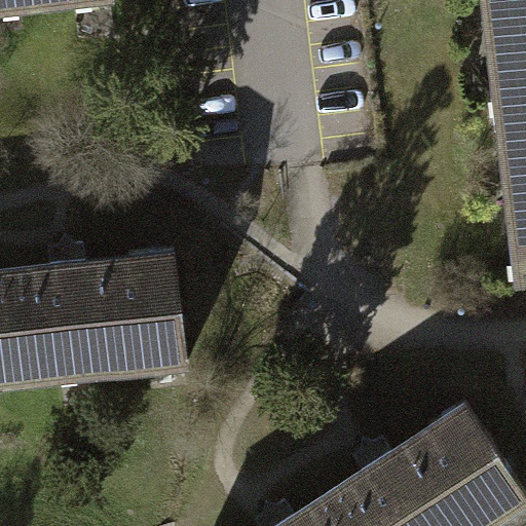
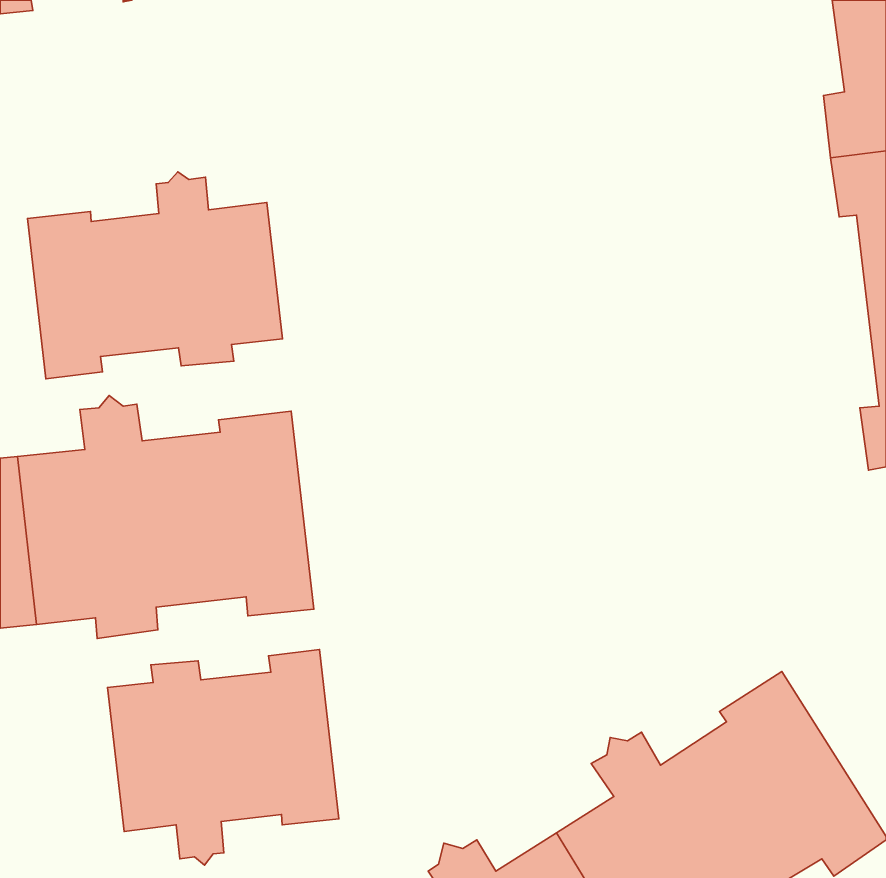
building: none -> [28,172,282,379]
building: none -> [108,650,339,865]

